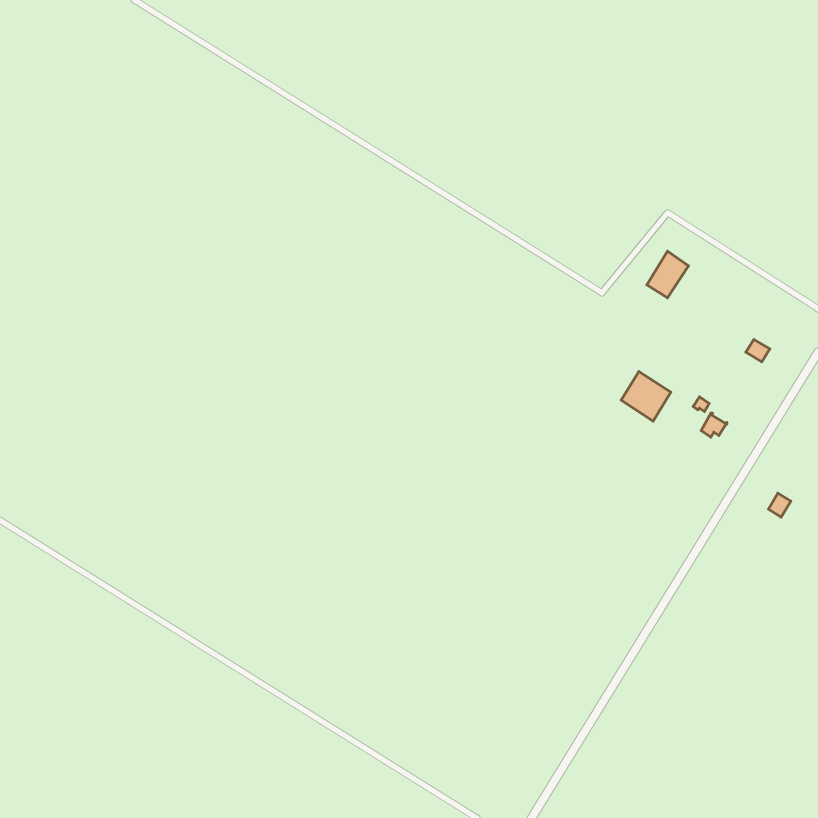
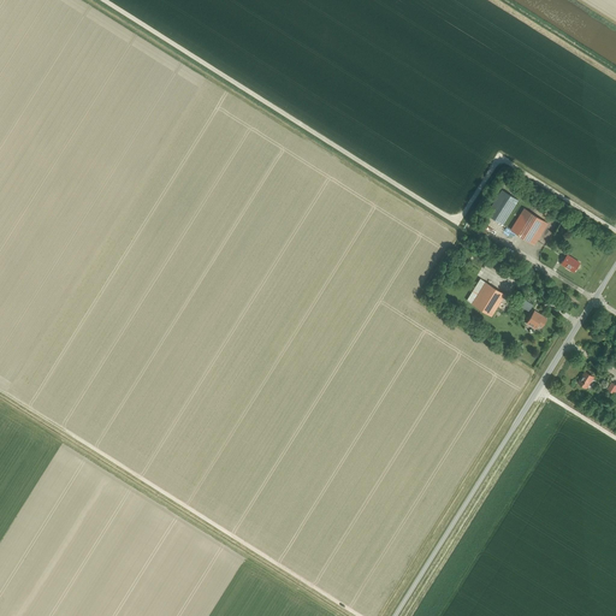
building: none -> [510,208,547,244]

